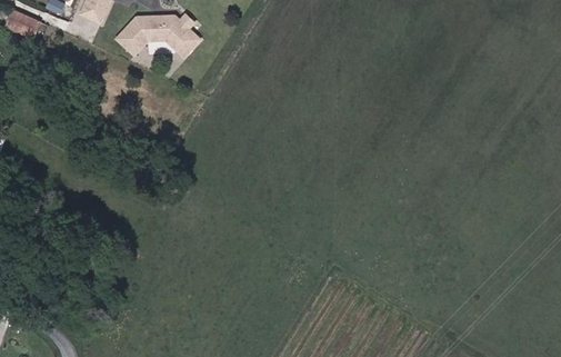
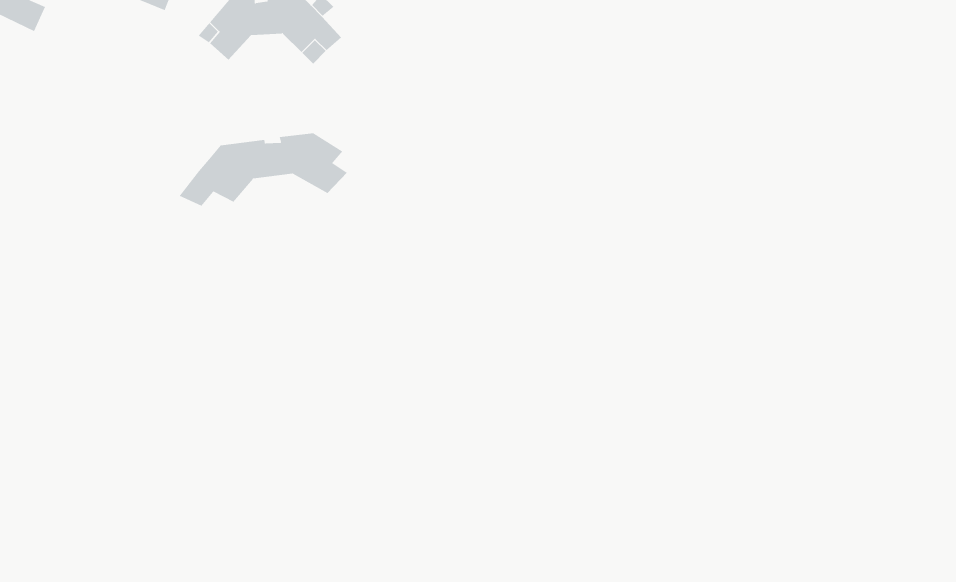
building: none -> [179,132,348,206]

